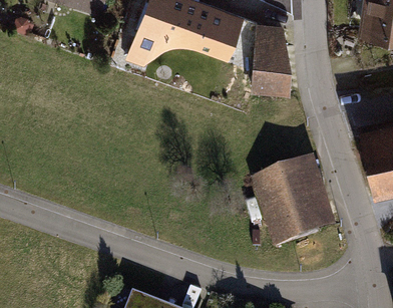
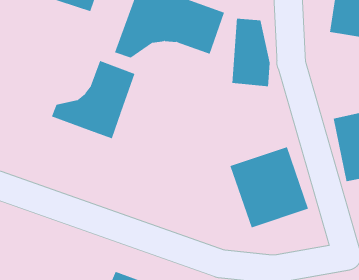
building: none -> [51,60,135,139]

